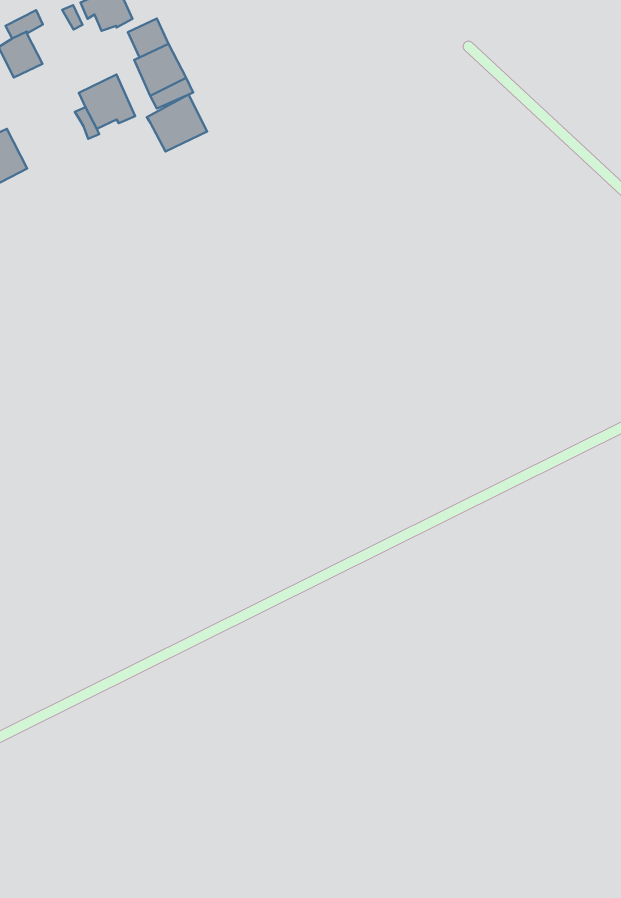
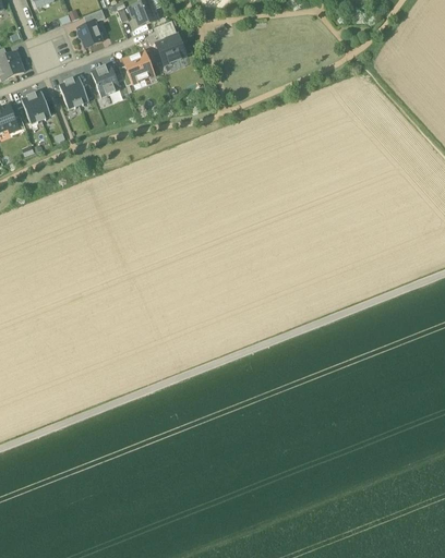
building: [147,94,207,152] -> none
building: none -> [91,63,120,95]

